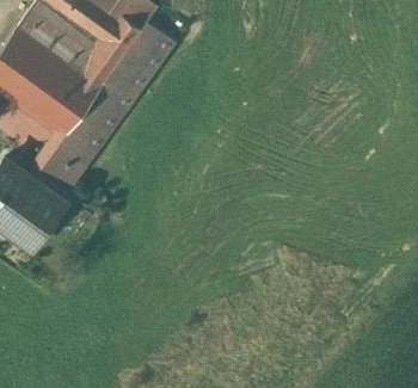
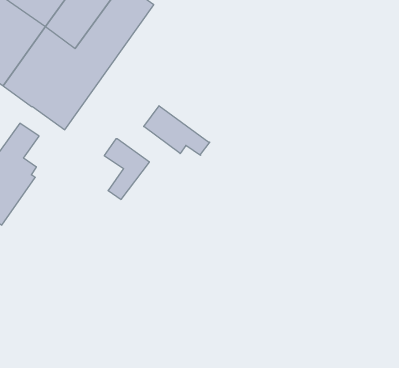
building: none -> [144,106,210,155]
building: [51,138,93,195] -> [104,139,149,199]

